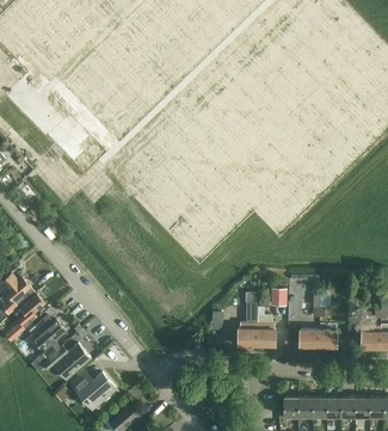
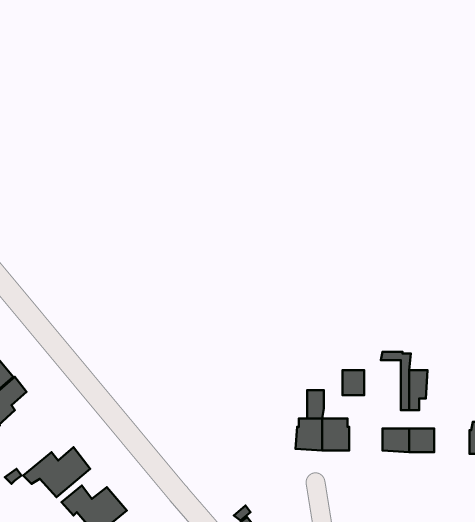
building: [32,320,64,357] -> none

